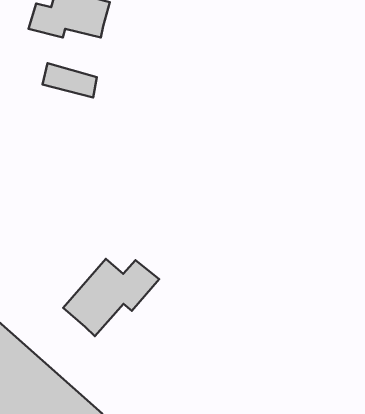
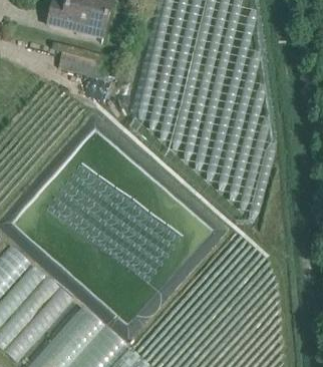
building: [63,259,159,336] -> none

